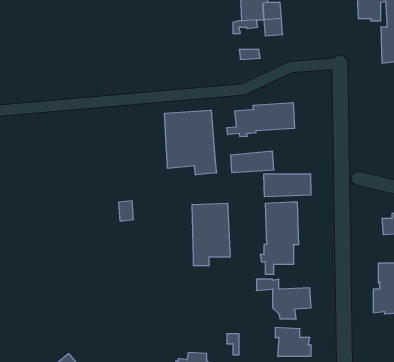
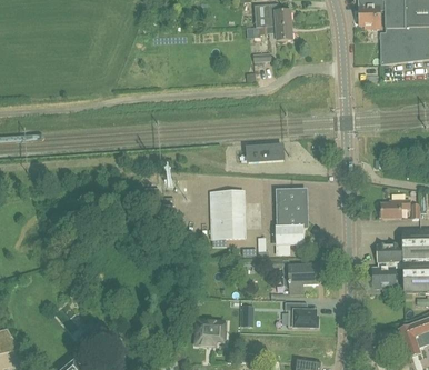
building: [227,103,295,137] -> none
building: [165,110,216,175] -> none
building: [264,174,311,197] -> none

